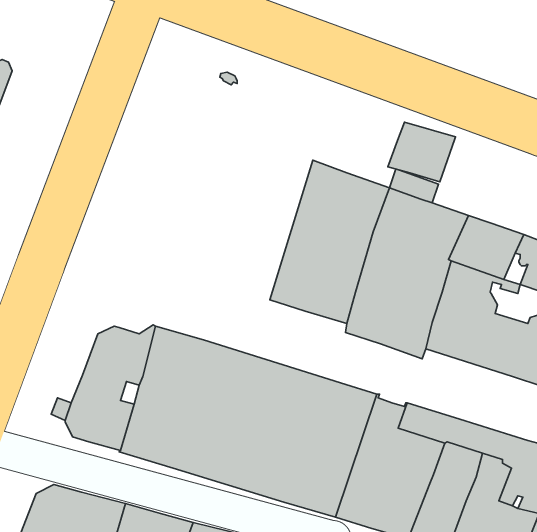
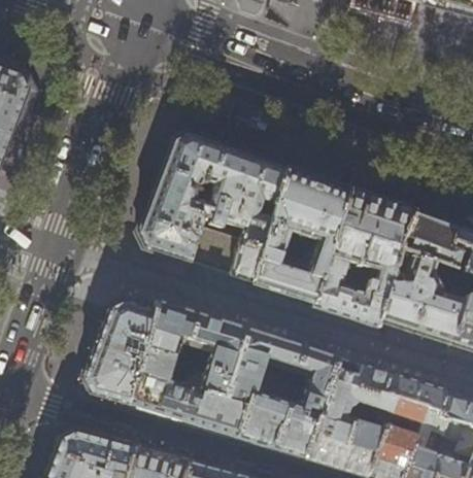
building: none -> [139,133,288,281]
building: [388,122,455,182] -> none

